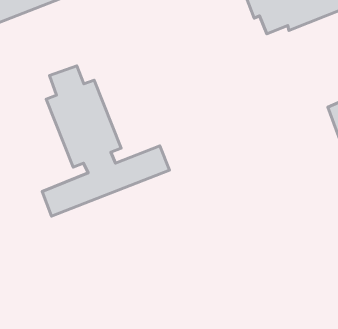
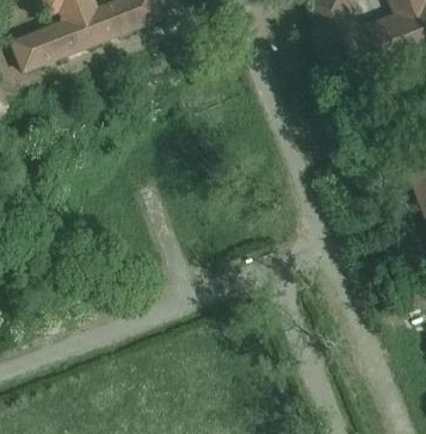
building: [42,66,170,216] -> none

